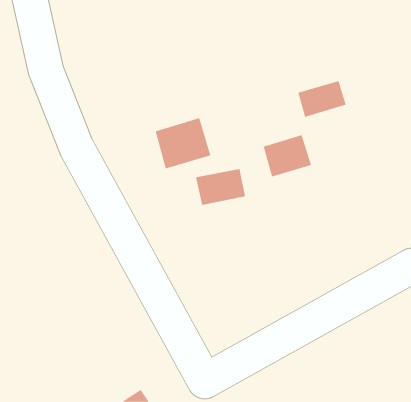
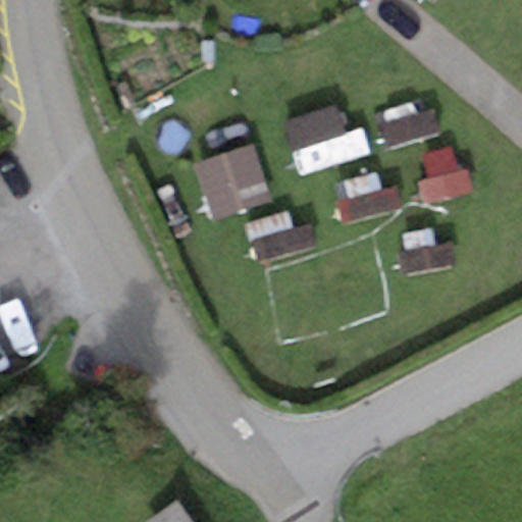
building: none -> [284,102,361,174]

